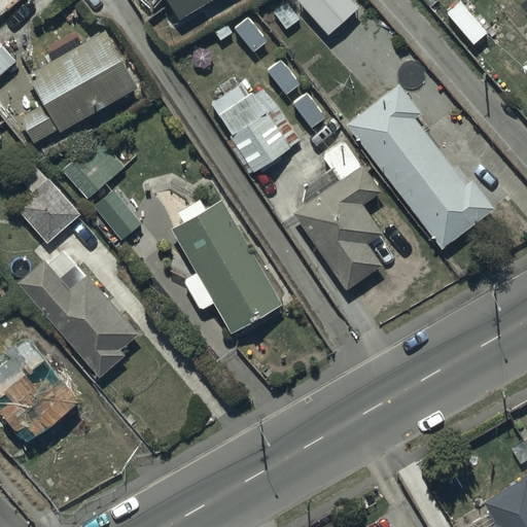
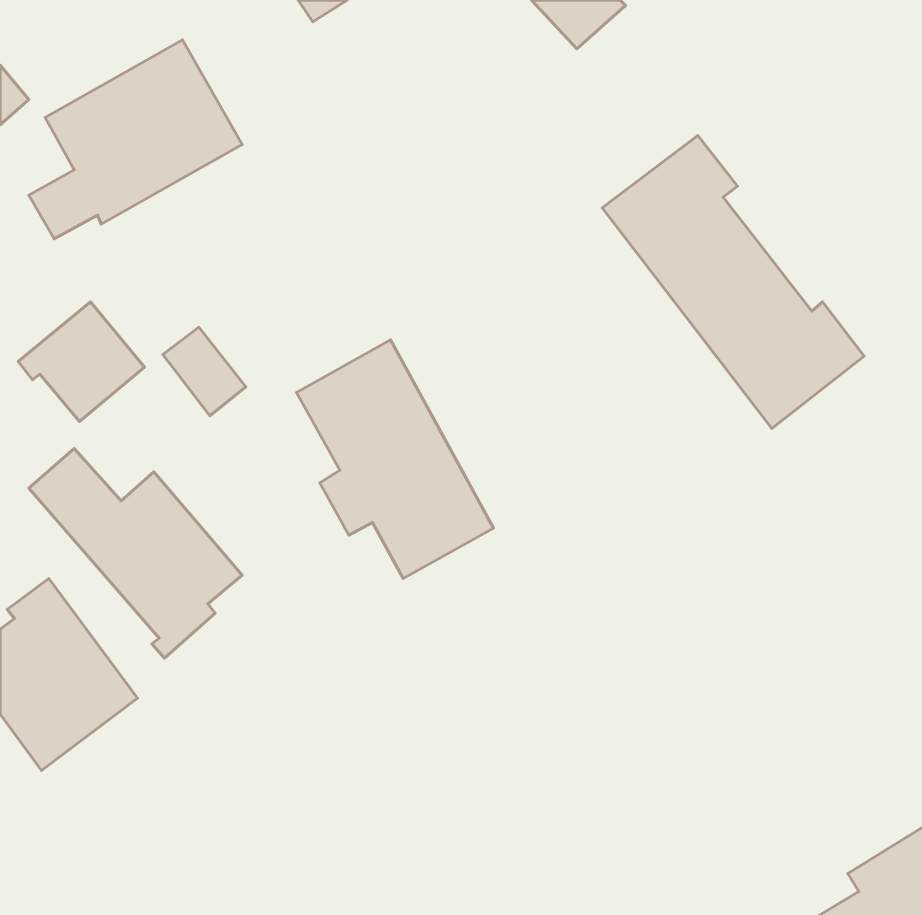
building: [212,83,304,173] -> none
building: [62,138,126,202] -> none
building: [292,139,383,290] -> none

